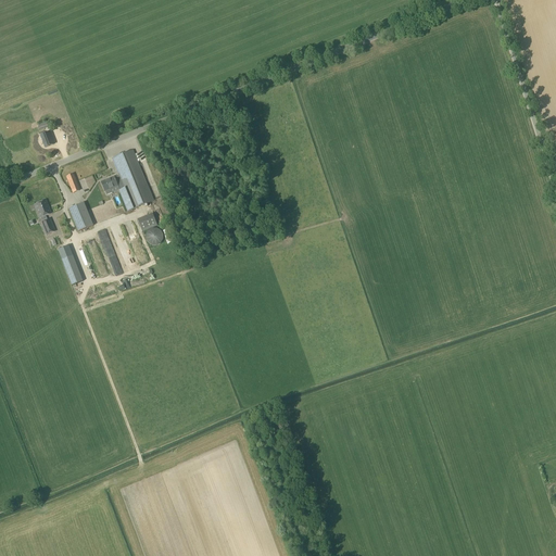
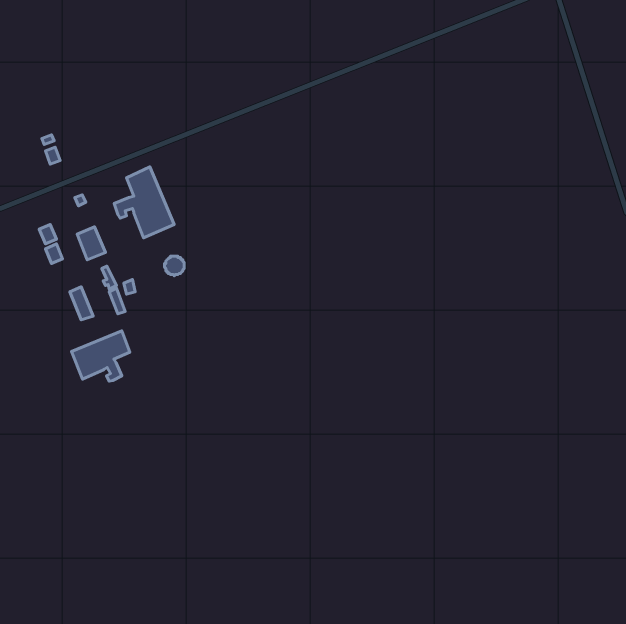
building: none -> [71,331,130,381]

